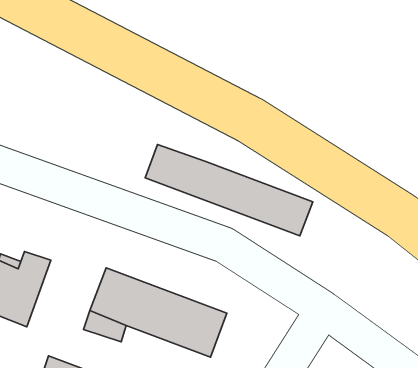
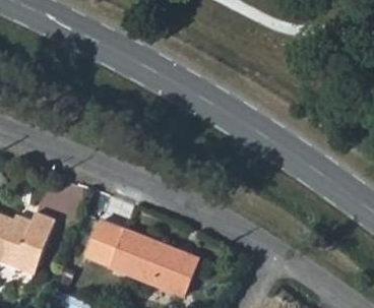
building: [145,145,313,236] -> none

